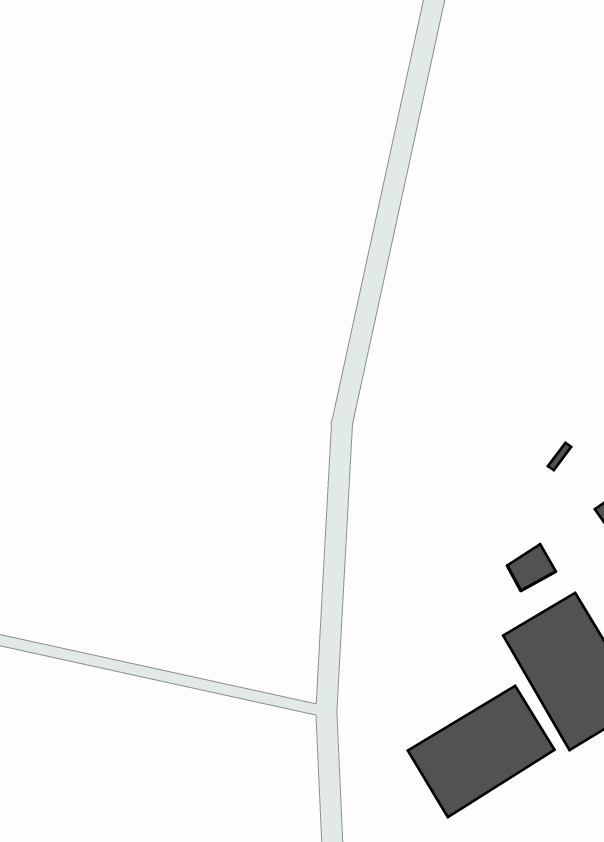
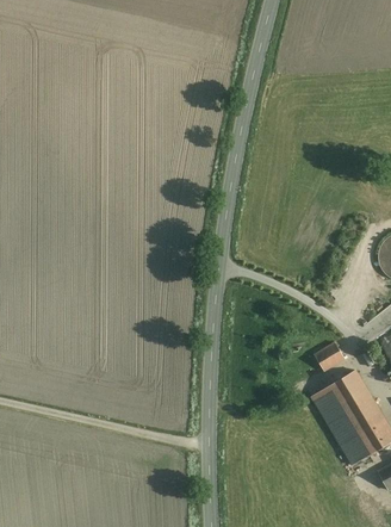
building: [408,686,554,817] -> none

